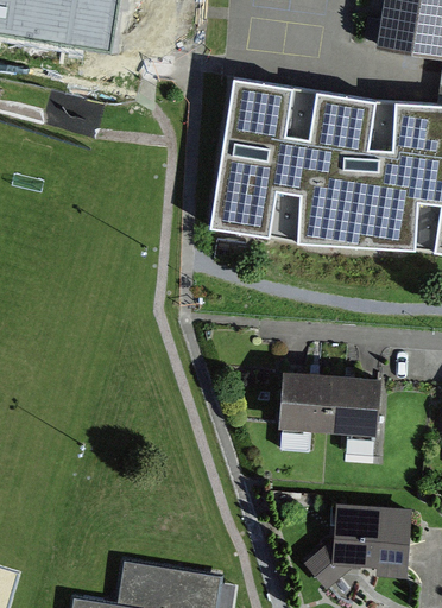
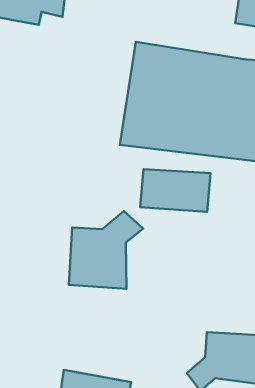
building: none -> [69,211,143,289]
building: [277,373,380,436] -> [140,169,210,212]

